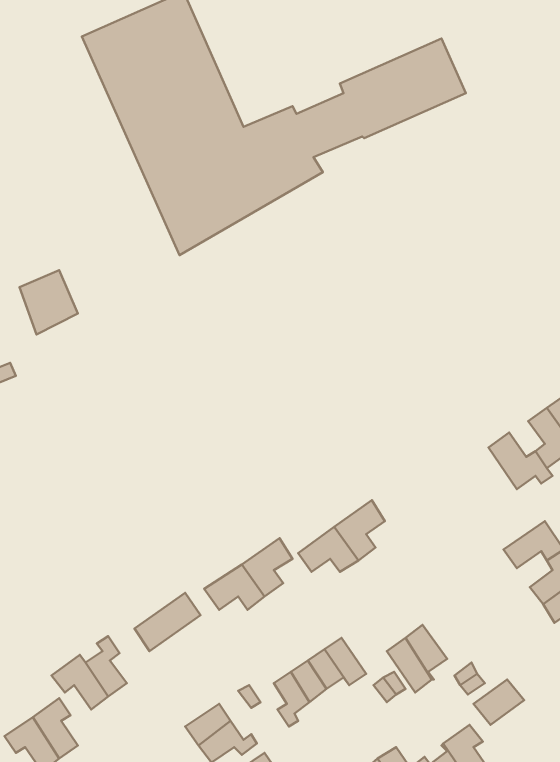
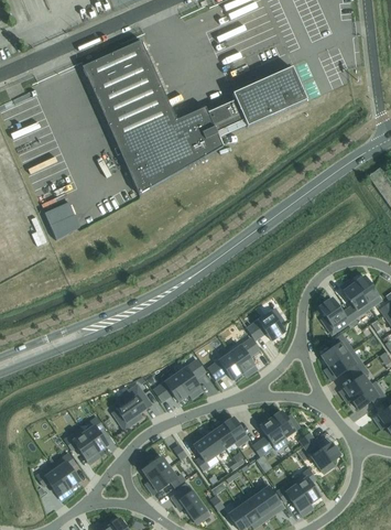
building: none -> [247,311,284,340]
building: none -> [321,334,352,366]

